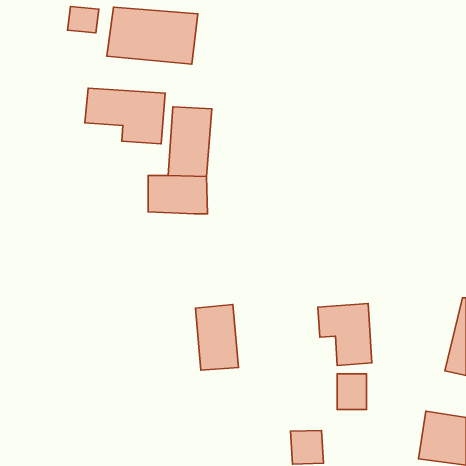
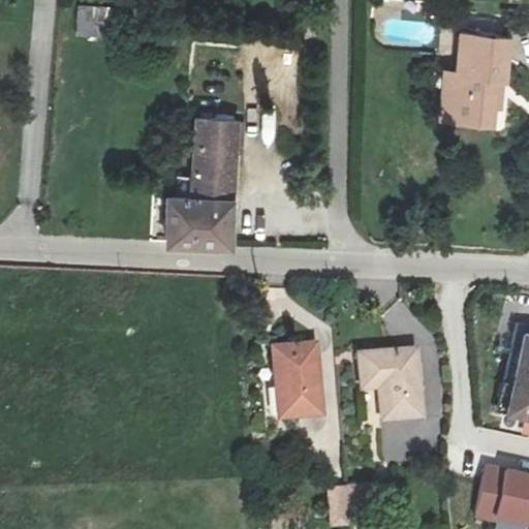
building: [107,7,198,64] -> none
building: none -> [455,41,510,131]
building: [85,88,165,144] -> none
building: [195,304,238,370] -> [273,342,321,416]

